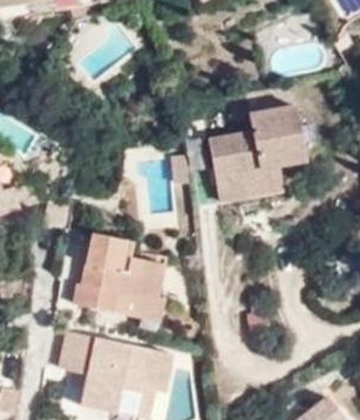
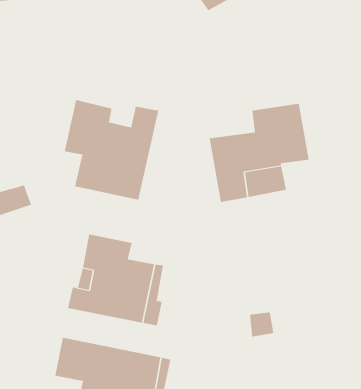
building: none -> [64,99,159,200]

